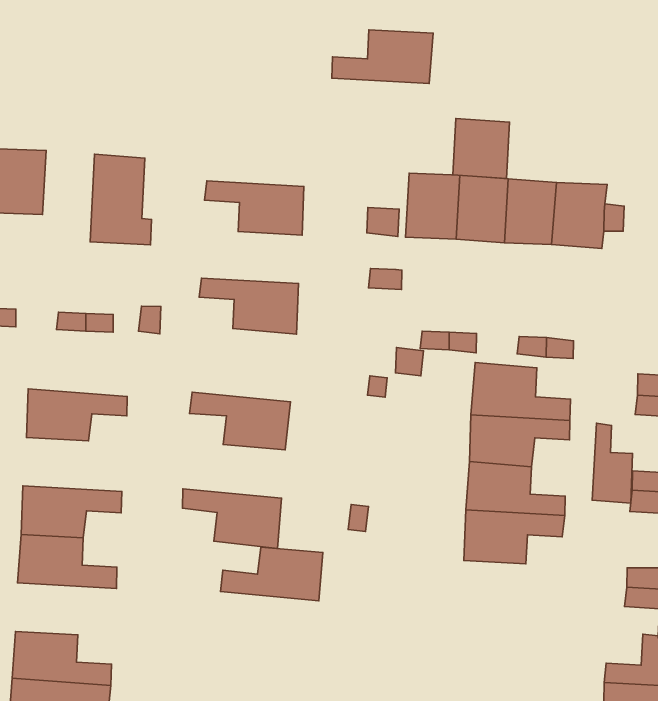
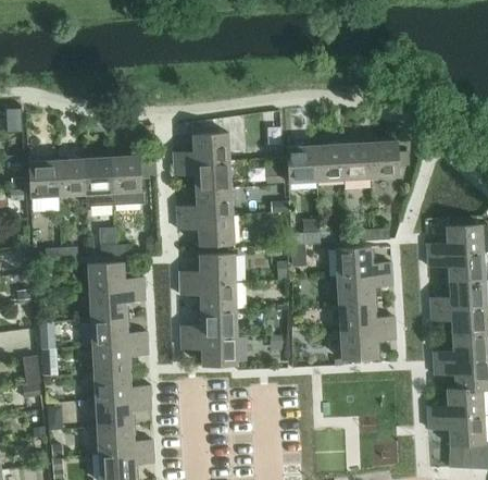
building: [332,30,433,84] -> [173,133,228,164]
building: [453,118,510,178] -> none
building: none -> [83,157,113,207]
building: none -> [176,188,232,219]
building: none -> [87,262,143,292]
building: none -> [179,254,235,283]
building: [592,423,633,503] -> none
building: none -> [90,317,147,346]
building: [220,547,323,601] -> [180,309,236,337]
building: none -> [95,397,150,428]

